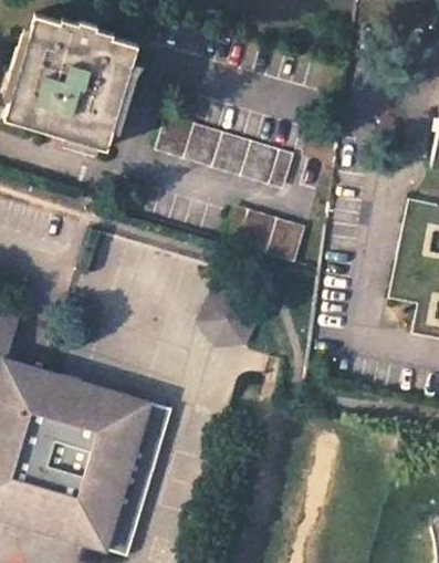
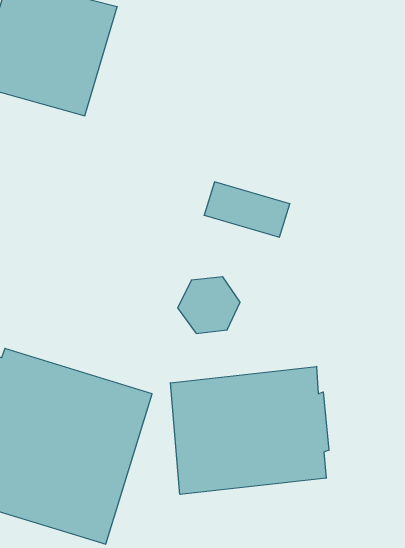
building: [154,113,292,186] -> none
building: none -> [170,366,329,494]

